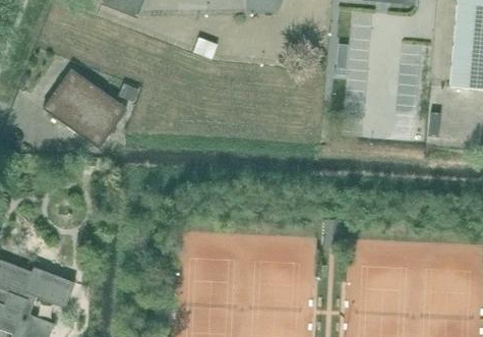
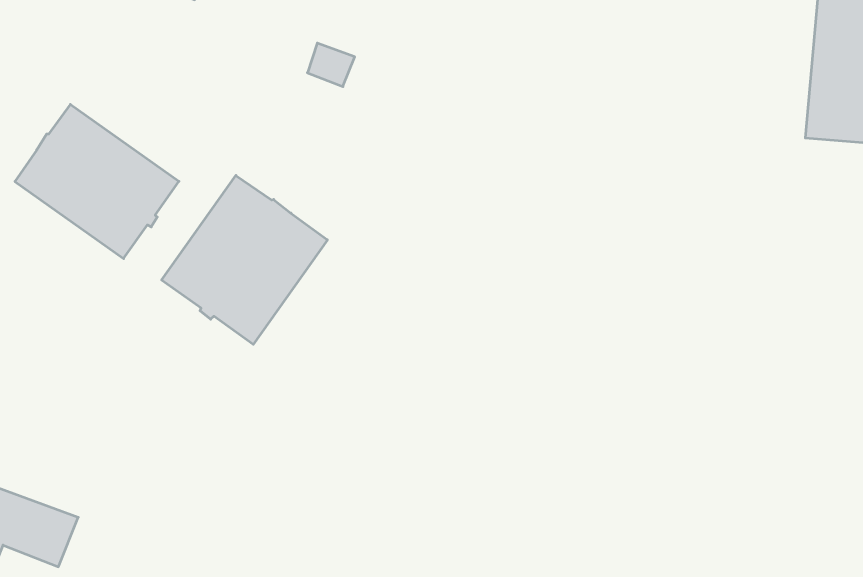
building: none -> [162,175,327,344]

